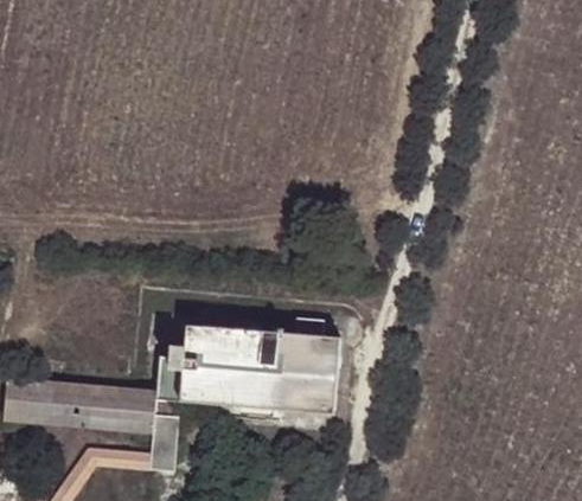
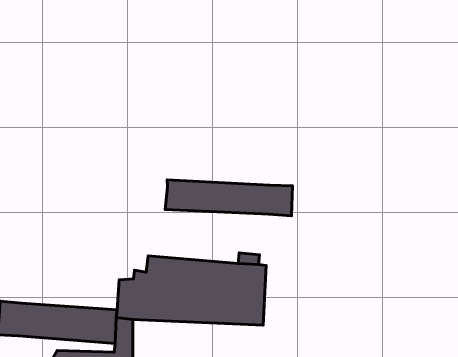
building: none -> [165,180,292,216]

